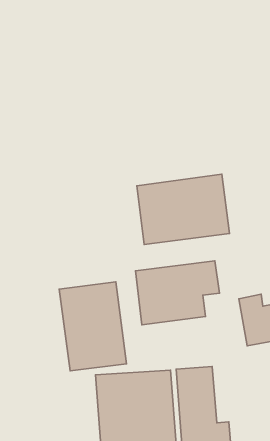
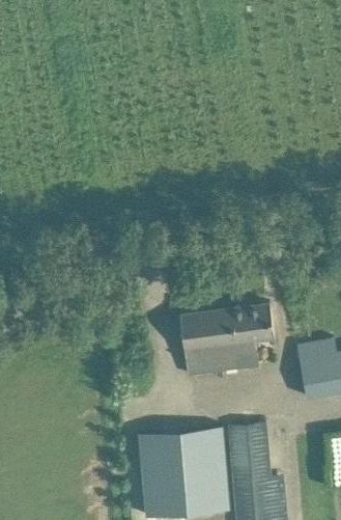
building: [137,174,230,244] -> none
building: [59,282,126,371] -> none

